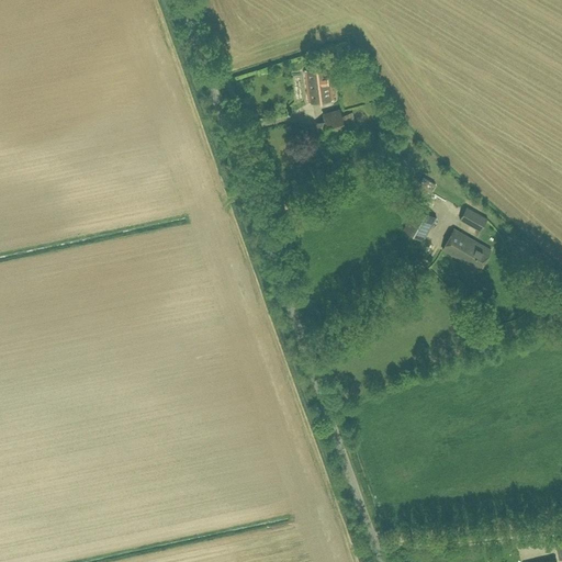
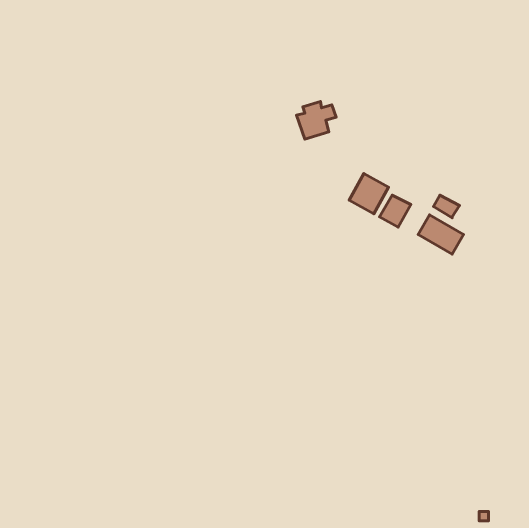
building: [304,69,331,103] -> none
building: none -> [349,173,389,214]

